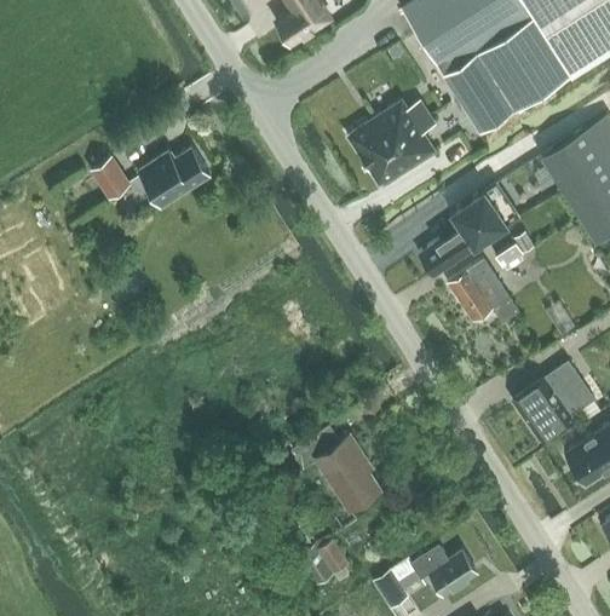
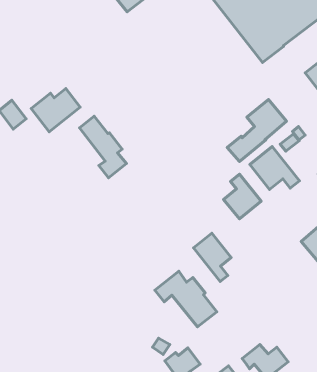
building: [347,99,437,186] -> none
building: none -> [79,116,127,178]
building: none -> [224,174,261,219]
building: none -> [193,233,231,282]

